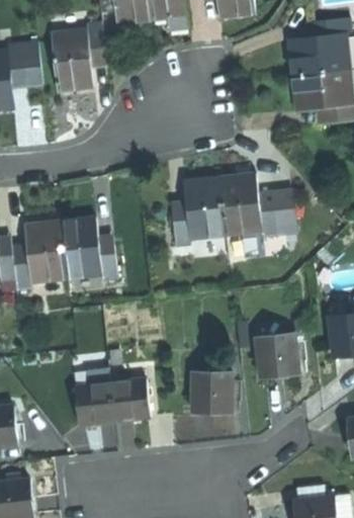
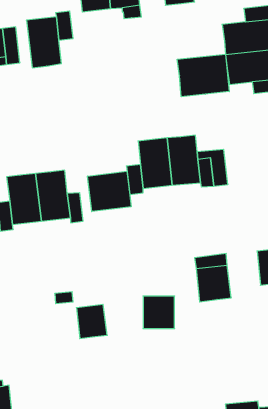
building: none -> [177,54,229,97]
building: none -> [88,171,131,212]
building: [73,384,114,426] -> none

